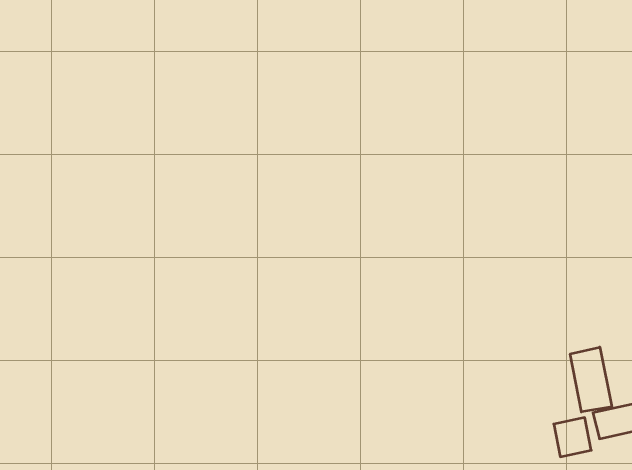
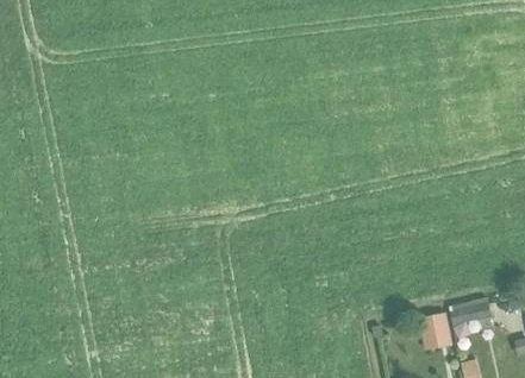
building: [570,347,612,412] -> none

